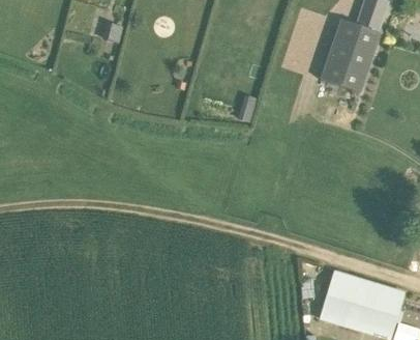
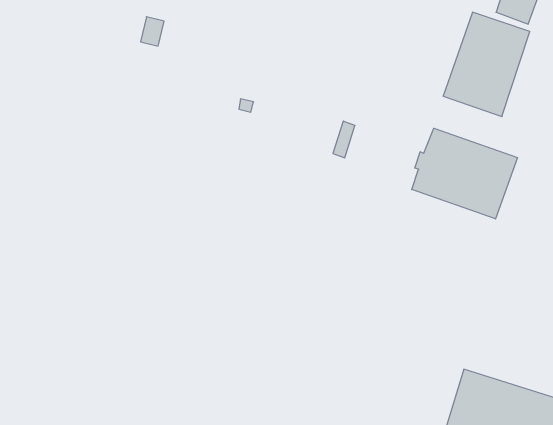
building: none -> [412,128,517,219]

